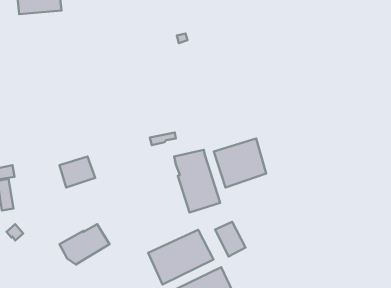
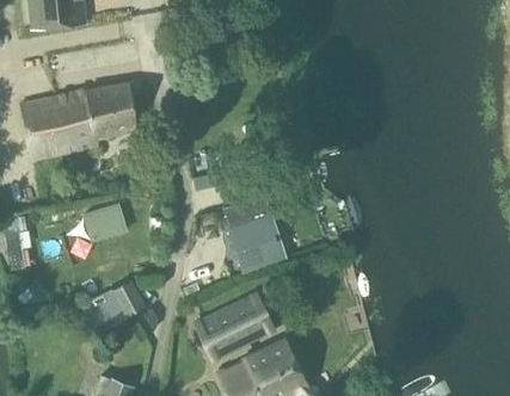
building: none -> [24,81,137,157]
building: [214,138,266,188] -> none
building: [215,222,245,257] -> none

